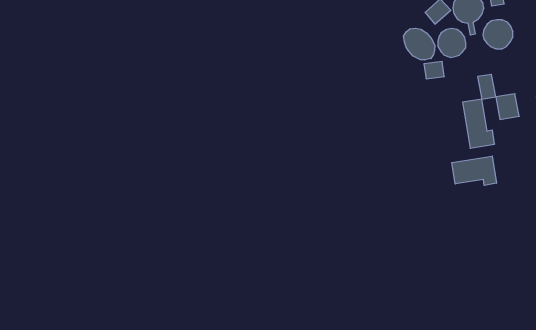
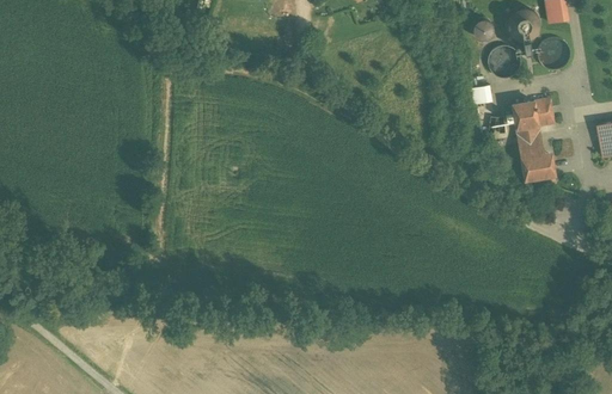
building: [404,28,435,60] -> none
building: [496,94,519,119] -> [512,100,538,129]
building: [452,156,496,185] -> none

